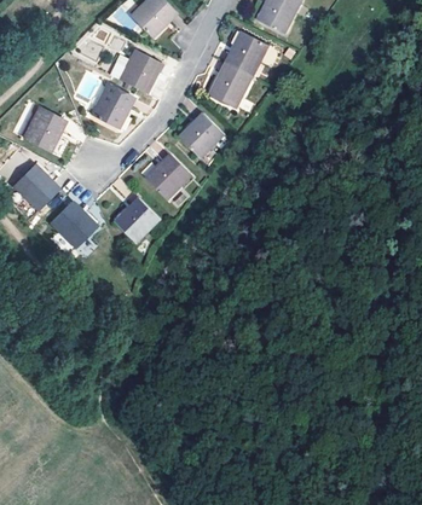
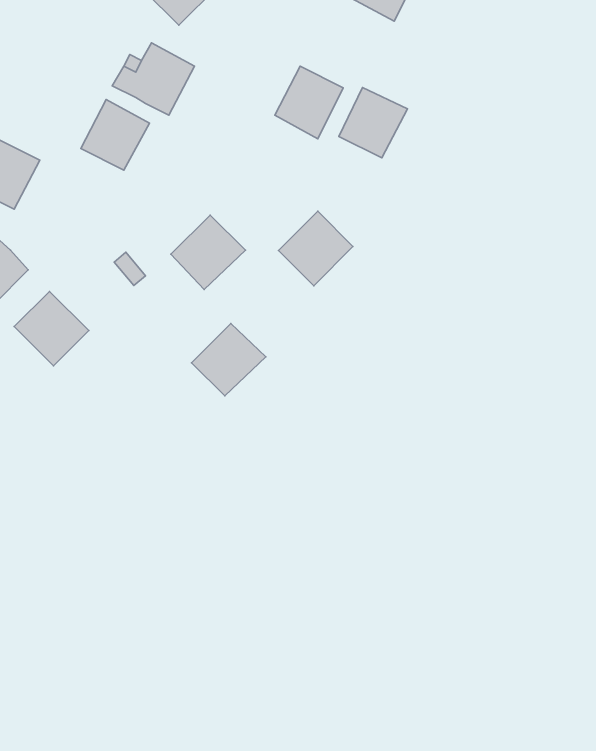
building: [226,33,268,76] -> [339,87,407,158]
building: [179,112,225,158] -> [279,211,353,286]
building: [115,198,161,243] -> [192,324,266,396]

